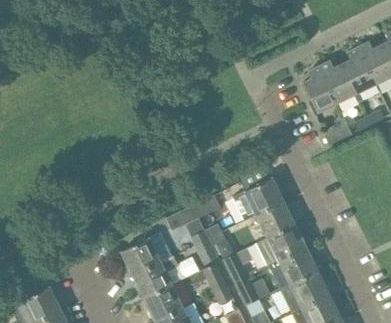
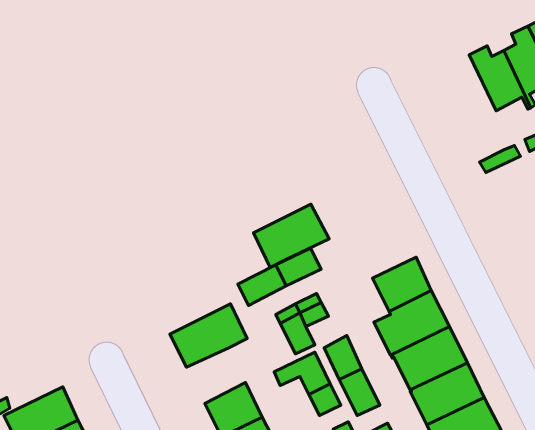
building: [303,67,337,113] -> none
building: [234,178,284,220] -> [253,204,329,267]
building: [132,256,179,298] -> none

